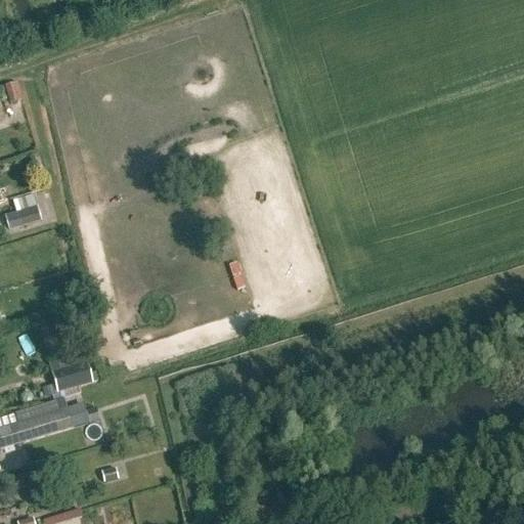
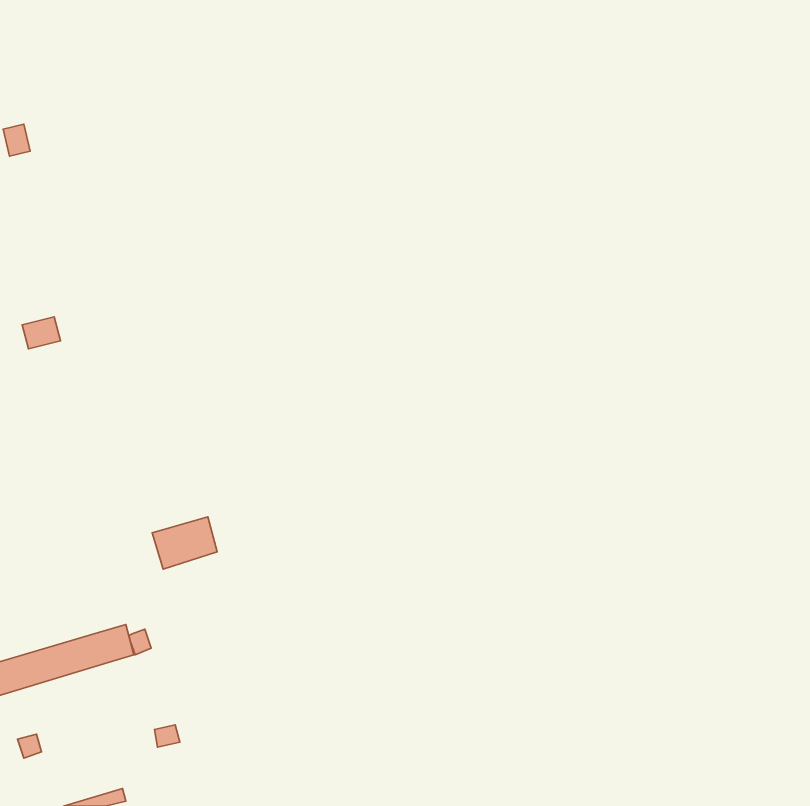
building: [49,359,91,393] -> [152,517,217,569]

